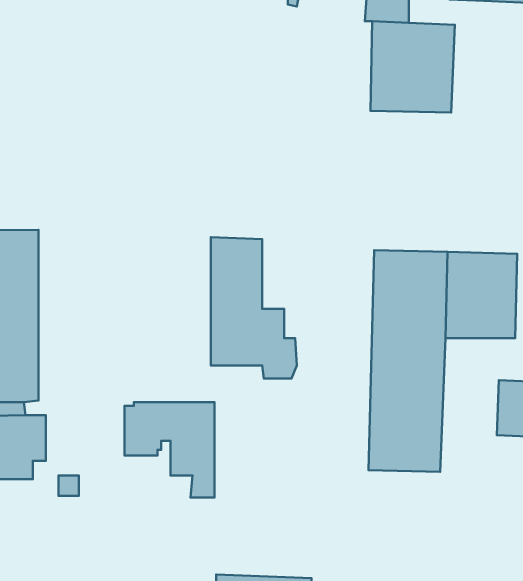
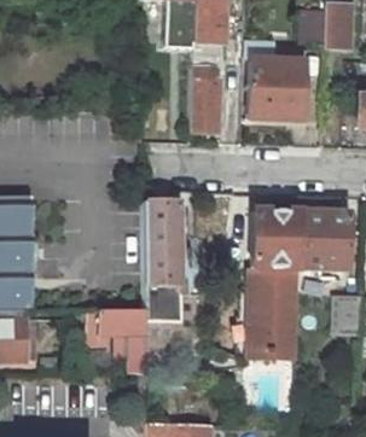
building: none -> [192,70,220,132]
building: none -> [147,286,180,321]

